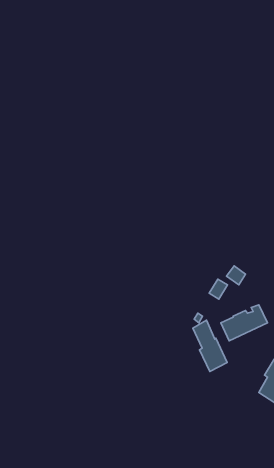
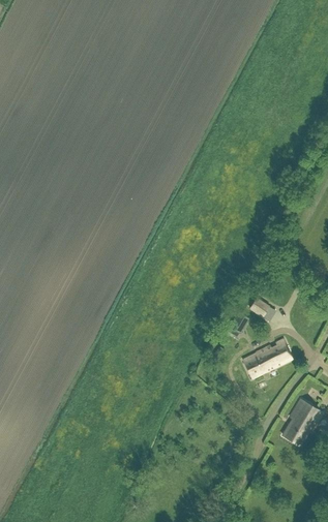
building: [193,320,227,371] -> none

